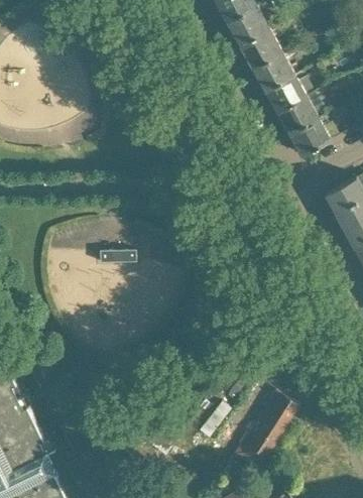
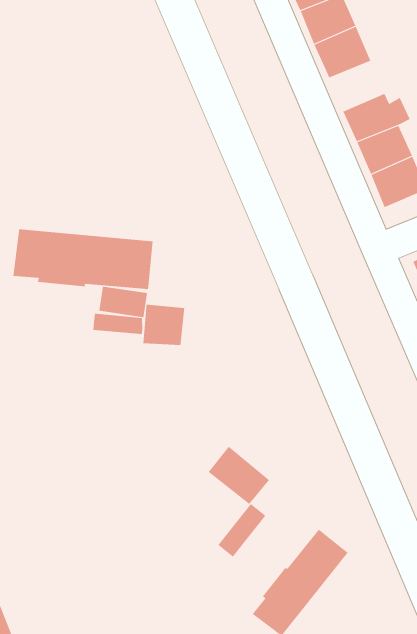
building: [253,53,294,92] -> none
building: none -> [13,228,153,290]
building: none -> [143,304,185,346]
building: none -> [208,446,270,505]

